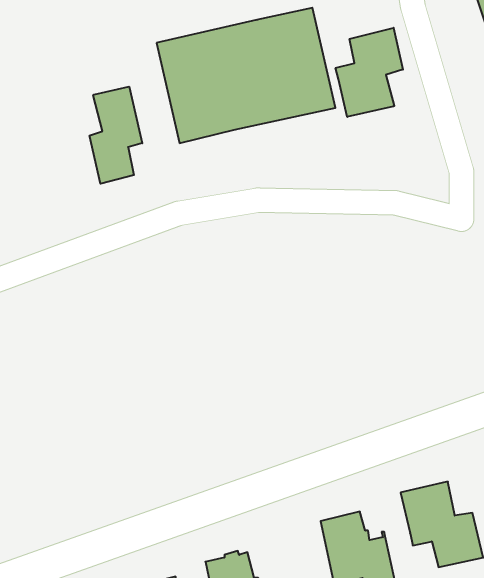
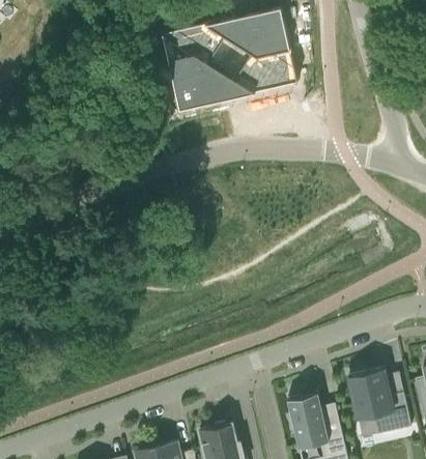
building: [336,28,403,117] -> none
building: [90,87,142,184] -> none

